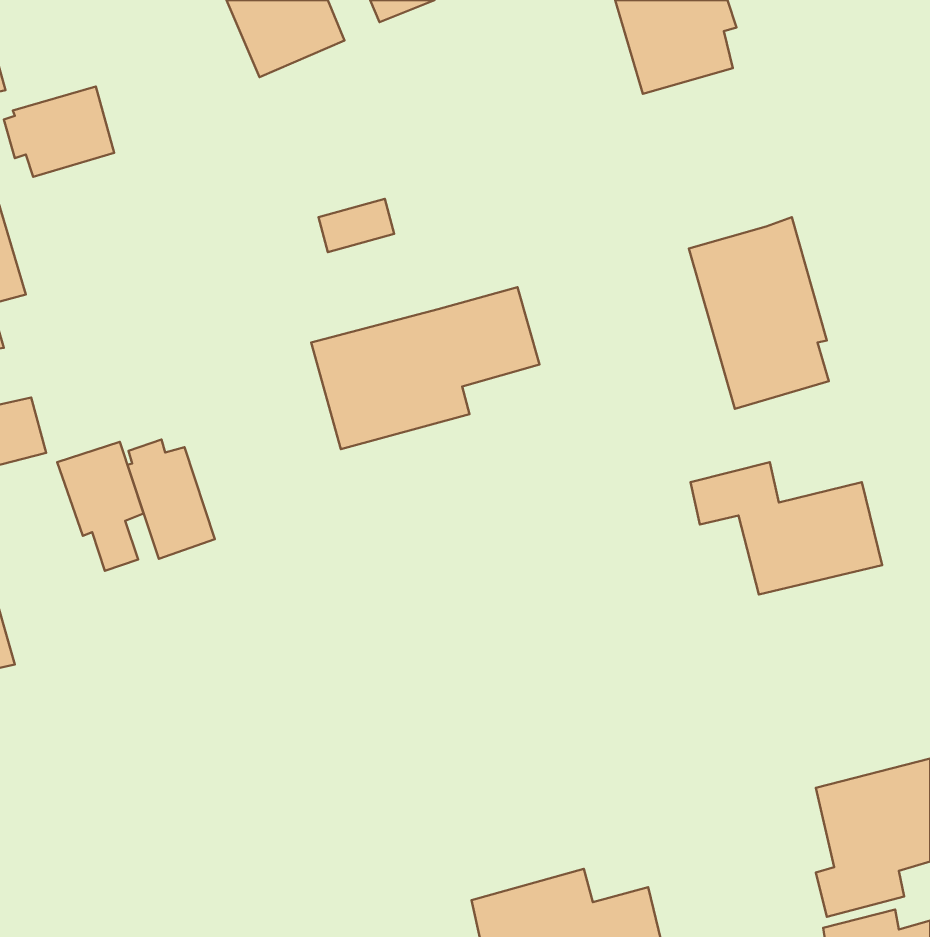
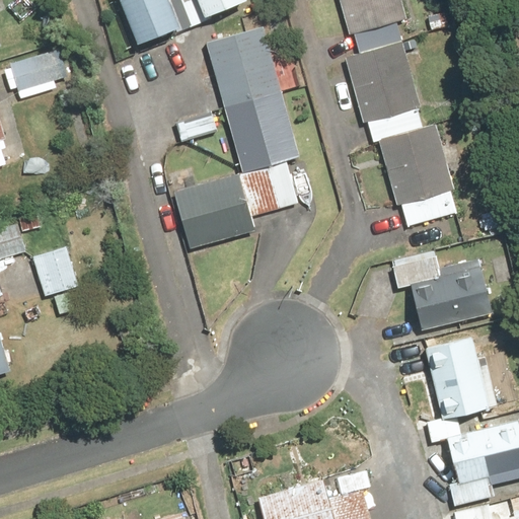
building: none -> [206,25,300,172]
building: none -> [342,40,423,140]
building: [127,440,215,559] -> none
building: none -> [426,335,499,419]

